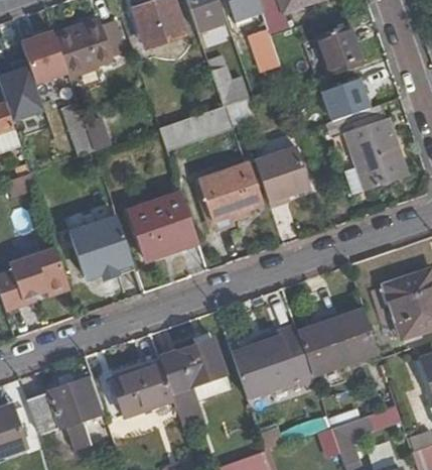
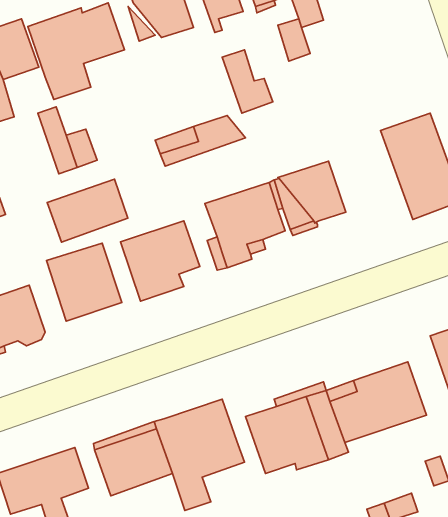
building: [317,26,361,75] -> none
building: [318,76,369,119] -> none
building: none -> [47,179,128,242]

